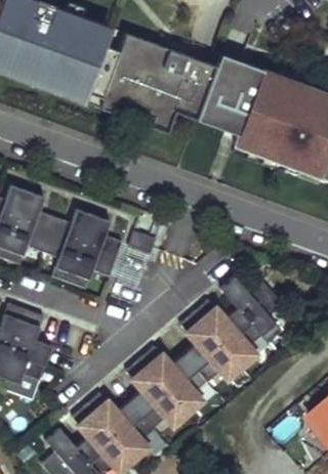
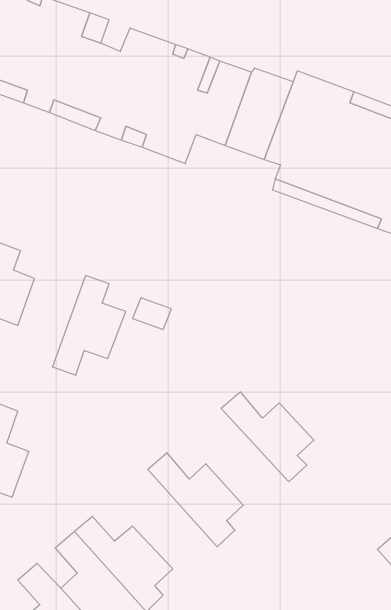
building: [43,209,93,283] -> none
building: [220,278,282,344] -> none
building: [179,313,244,385] -> none
building: [125,358,191,432] -> none

